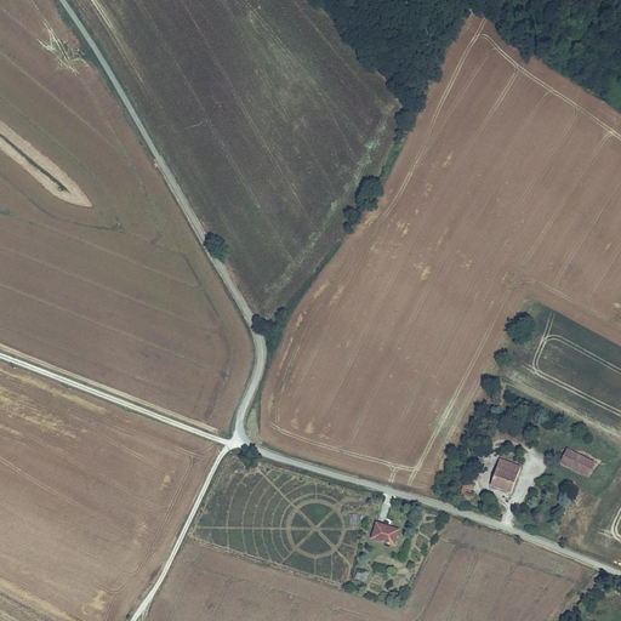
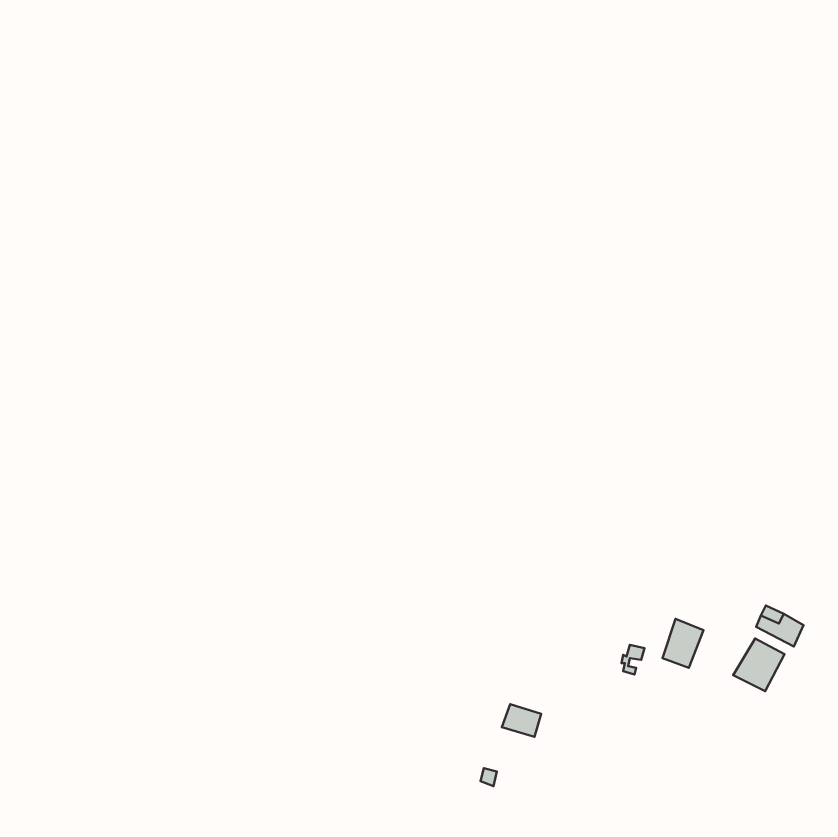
building: none -> [733,638,784,691]

